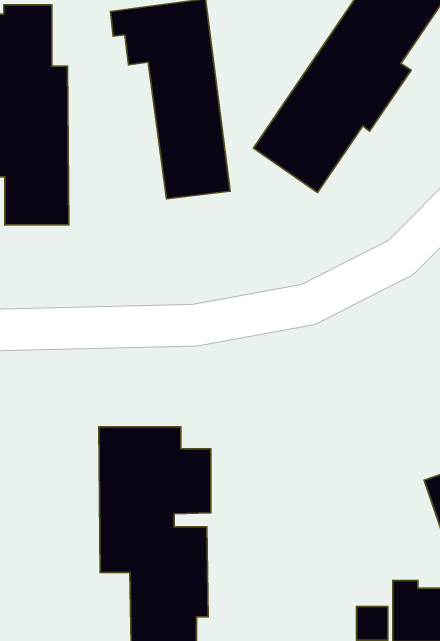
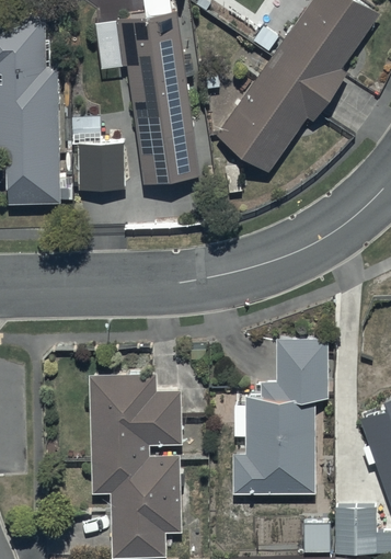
building: none -> [77,142,125,190]
building: none -> [231,338,327,495]

